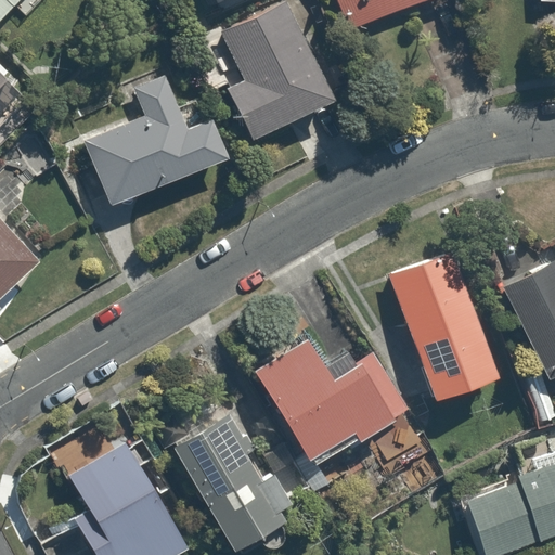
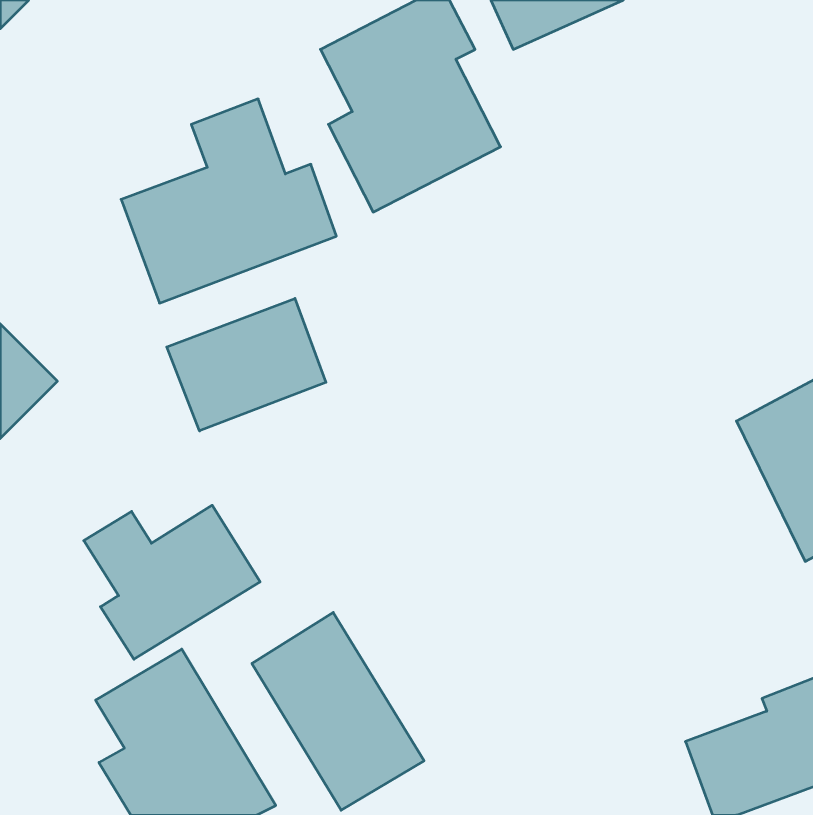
building: none -> [167,298,326,431]
building: [388,256,499,402] -> none
building: [250,335,409,468] -> none
building: none -> [84,505,260,659]

